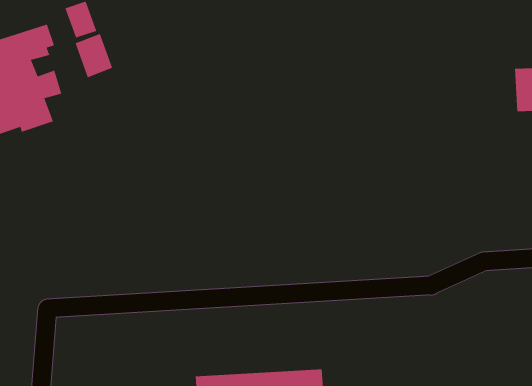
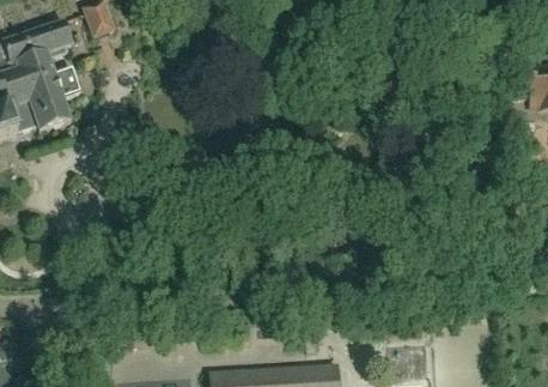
building: [75,33,113,78] -> none

